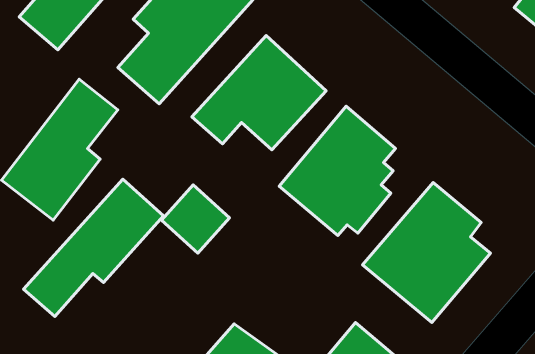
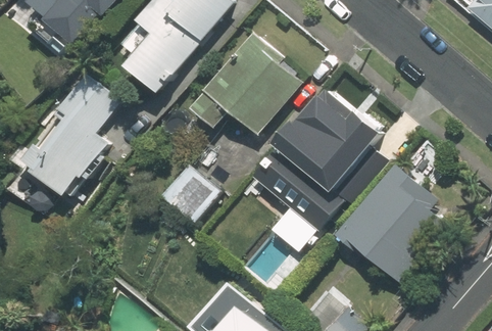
building: [24,179,164,316] -> none

